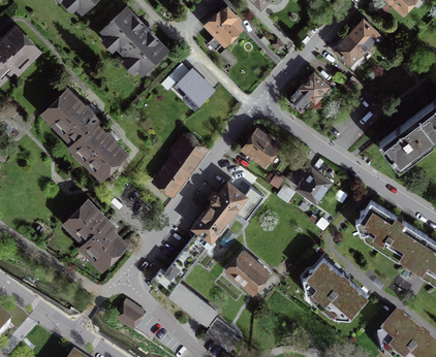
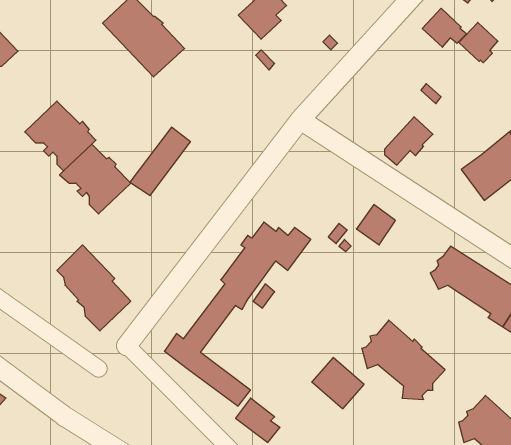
building: [335,33,365,64] -> [459,22,498,63]
building: [178,68,214,103] -> none
building: [291,71,329,108] -> [385,117,433,165]
building: [244,129,278,163] -> none
building: [157,137,204,190] -> [130,127,190,196]
building: [228,250,269,289] -> [312,358,364,409]
building: [115,297,145,327] -> none

